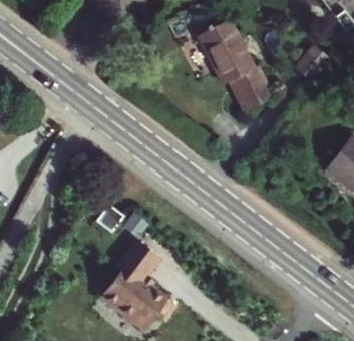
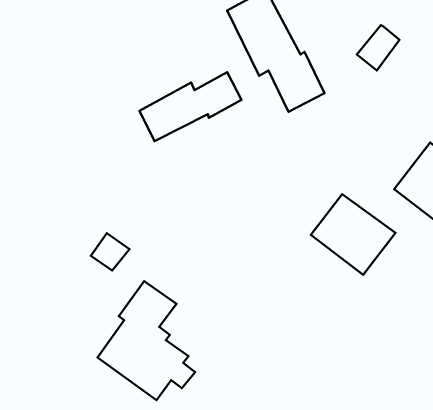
building: none -> [140,72,241,141]
building: none -> [311,194,395,275]

